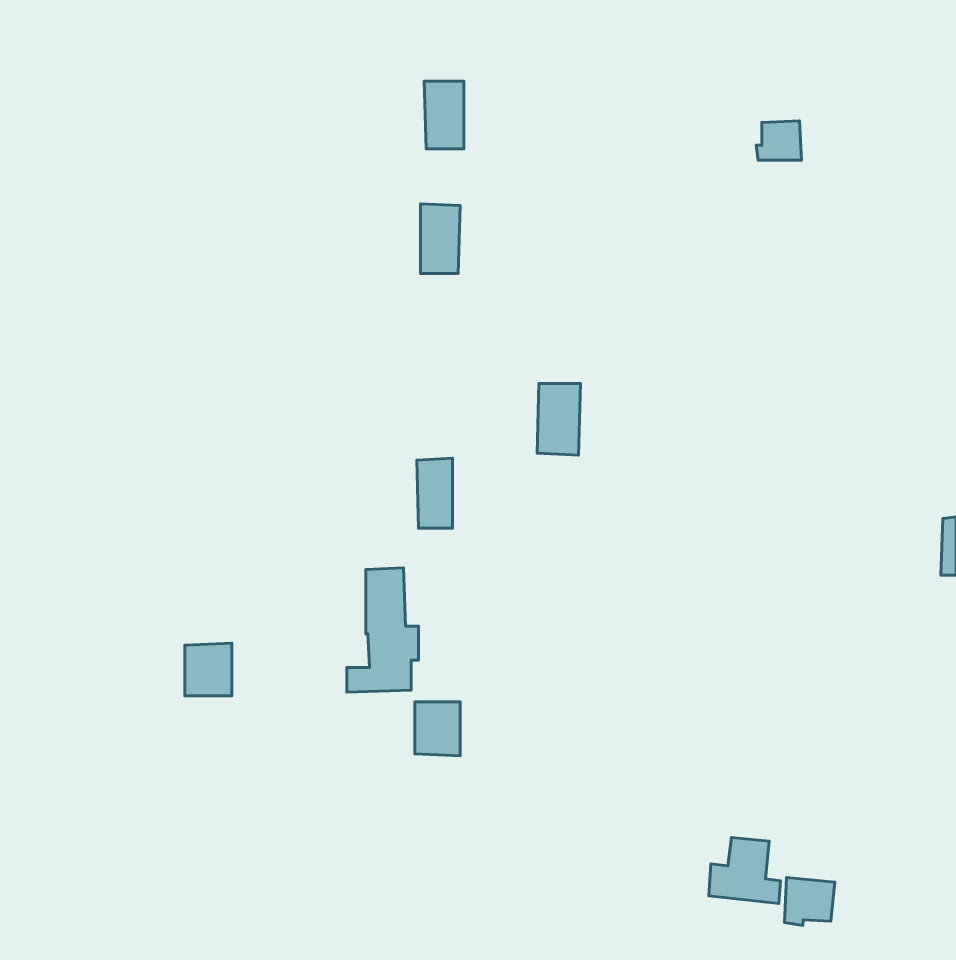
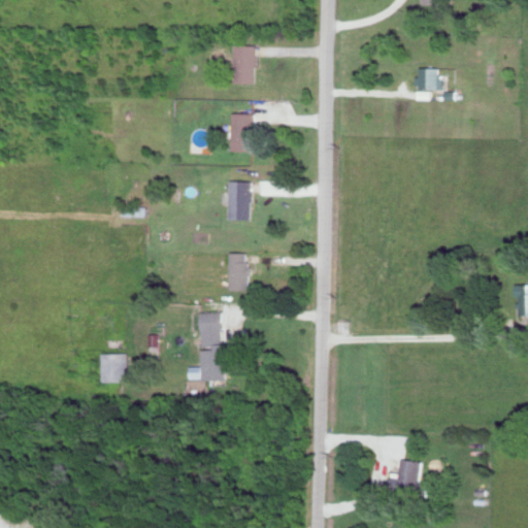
building: [537,383,580,455] -> [227,182,251,221]
building: [415,702,460,756] -> none
building: [785,877,835,926] -> none

